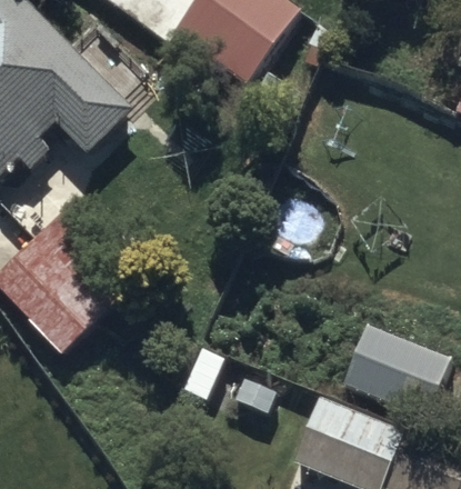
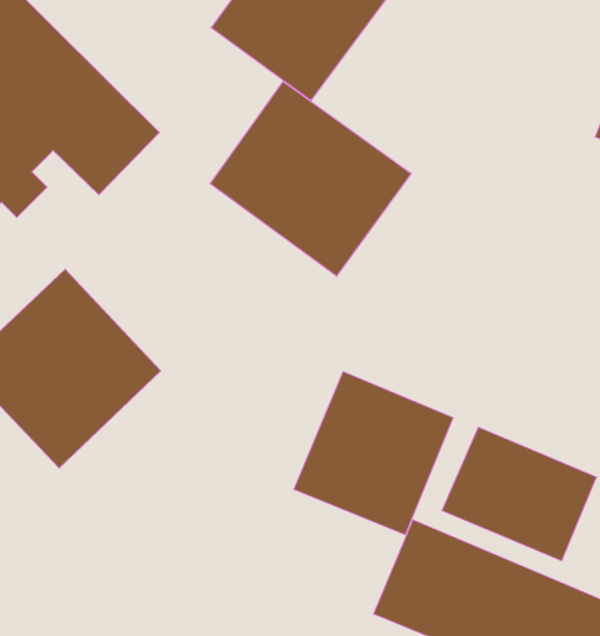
building: none -> [210,82,411,276]
building: none -> [294,372,453,535]

